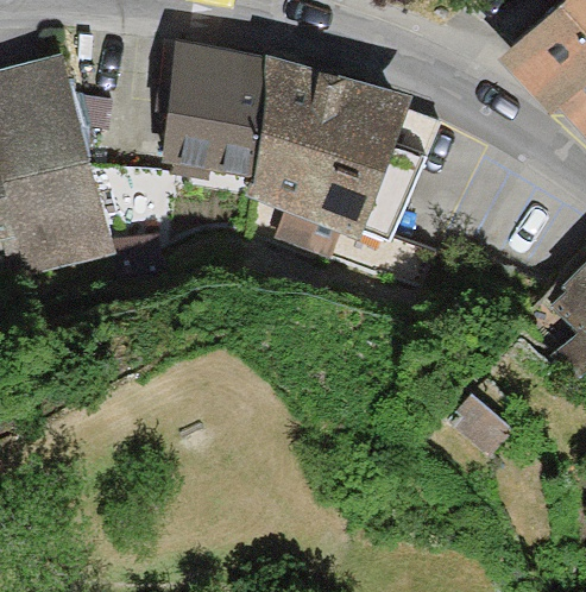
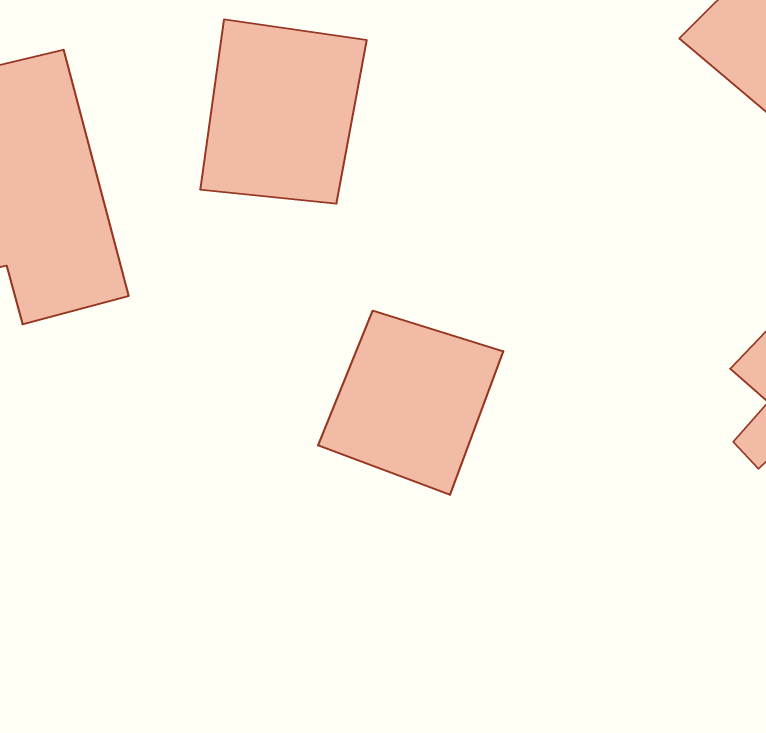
building: [259,57,439,240] -> none
building: none -> [318,311,503,495]

